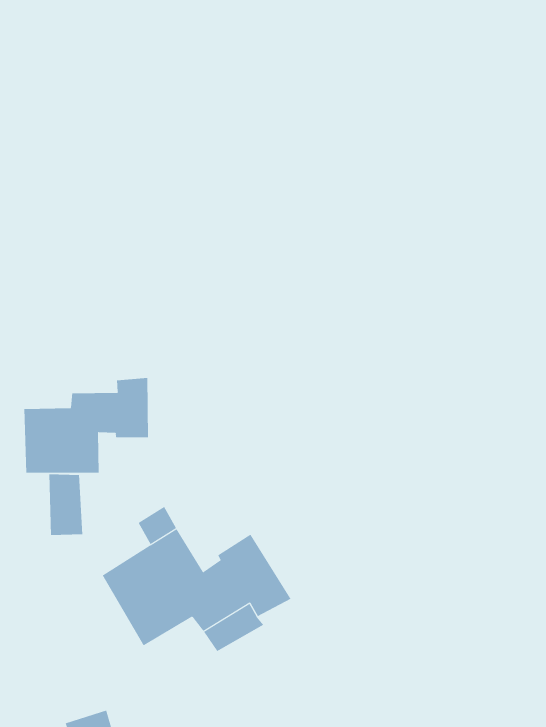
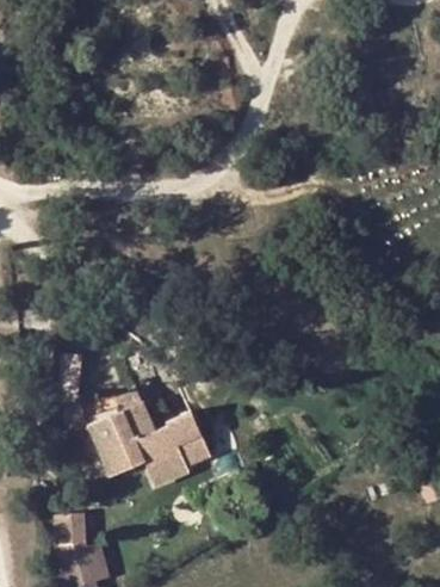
building: [24,377,148,473] -> none

